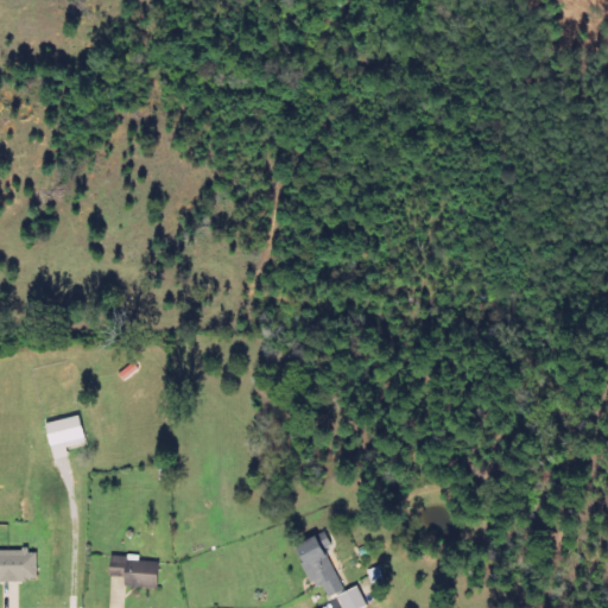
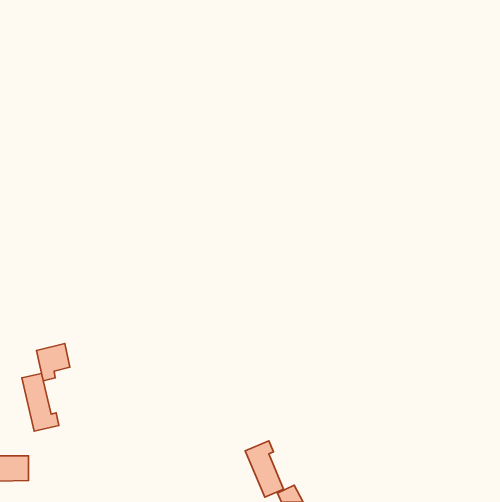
building: none -> [22,373,59,431]
building: [108,555,157,587] -> none

